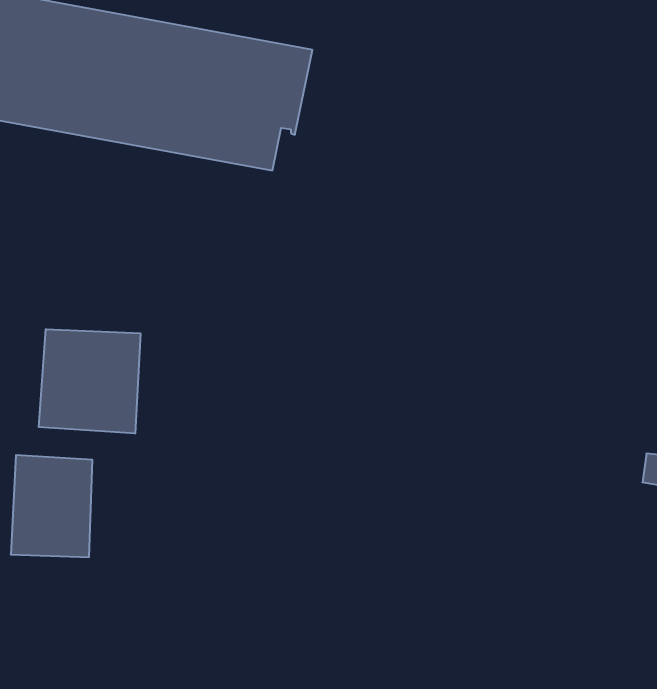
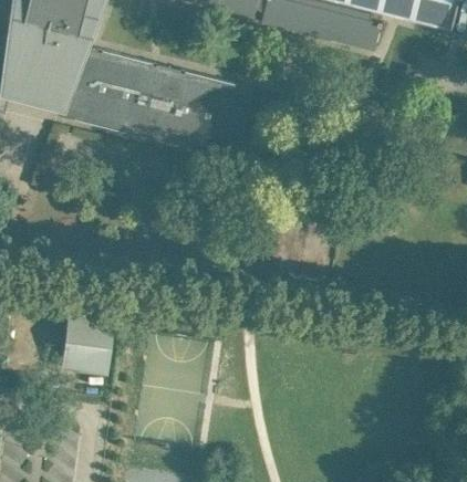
building: [39,329,140,434] -> none

